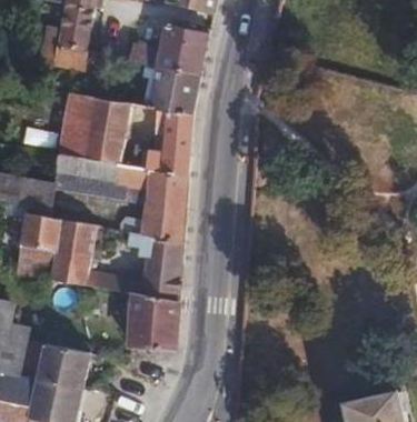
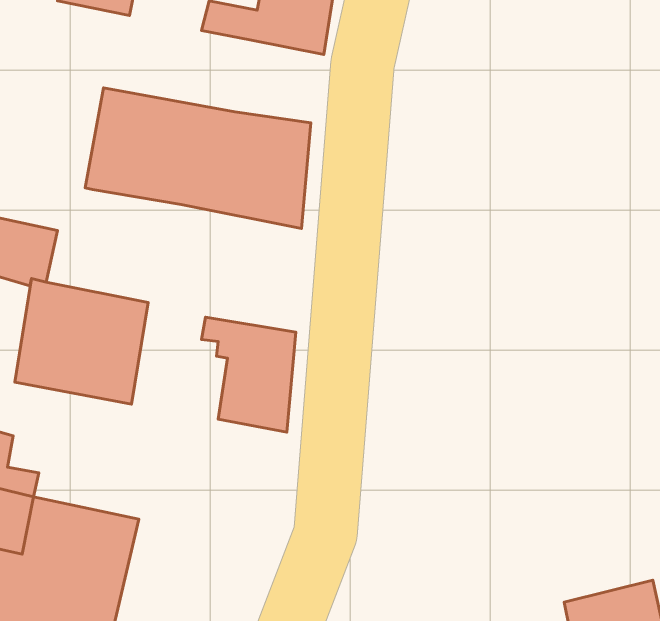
building: [147,67,200,117] -> none
building: [56,157,187,242] -> none
building: [127,293,178,349] -> none

